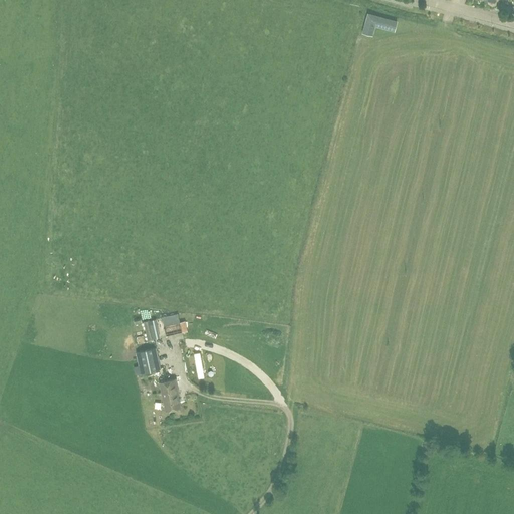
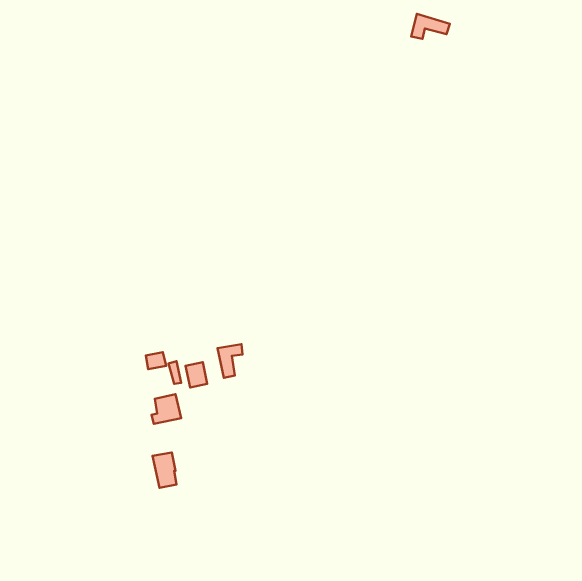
building: none -> [218,344,242,378]
building: [159,378,180,410] -> [153,452,176,488]

